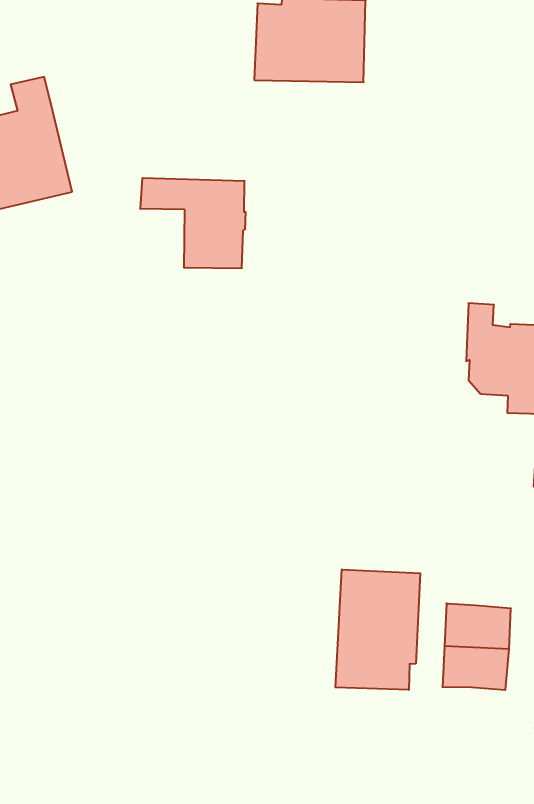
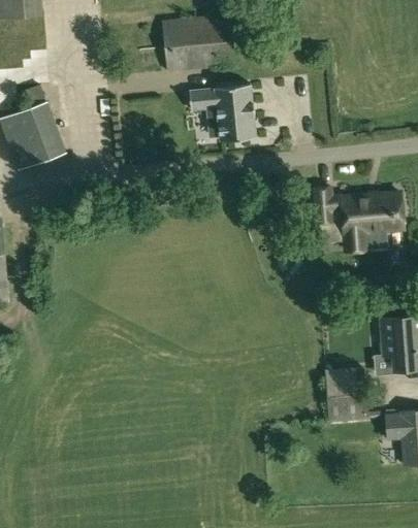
building: [140,178,246,268] -> [188,85,255,141]
building: [335,569,420,690] -> none

